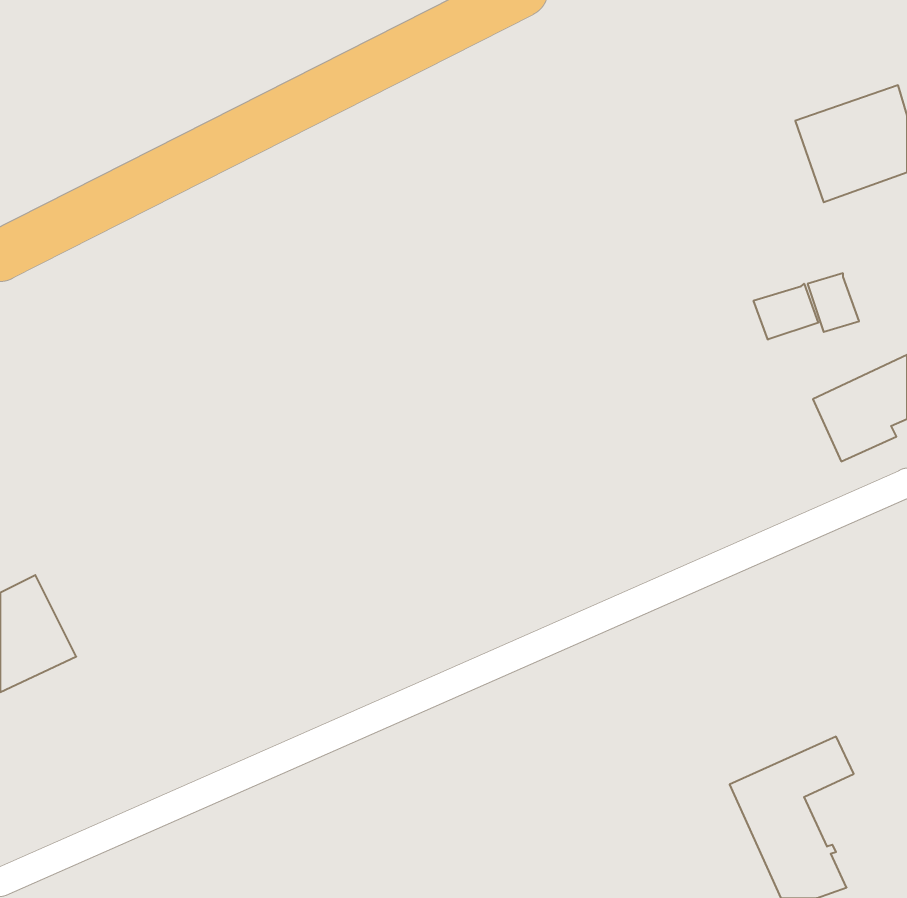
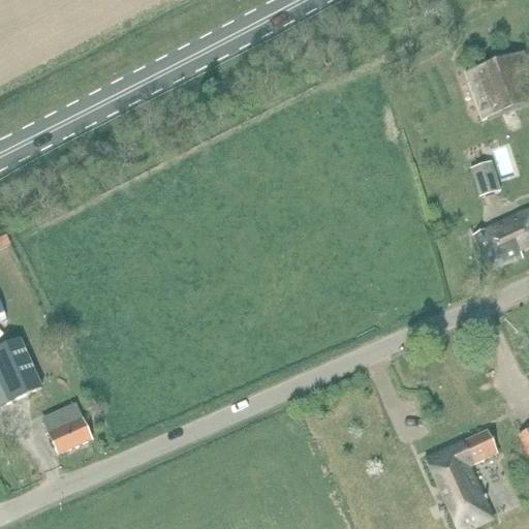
building: [754,284,818,340] -> none
building: none -> [44,406,91,453]

